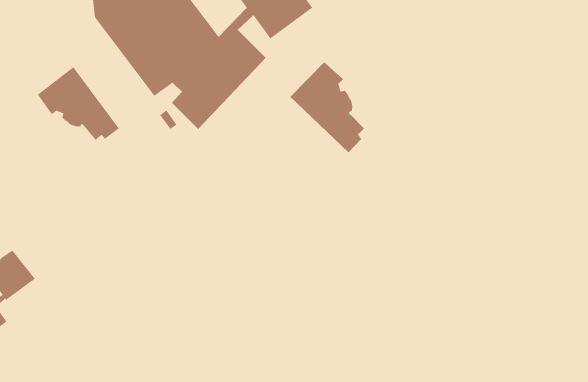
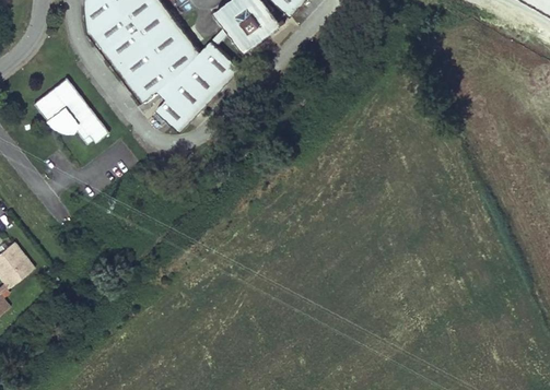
building: [289,61,365,153] -> none

